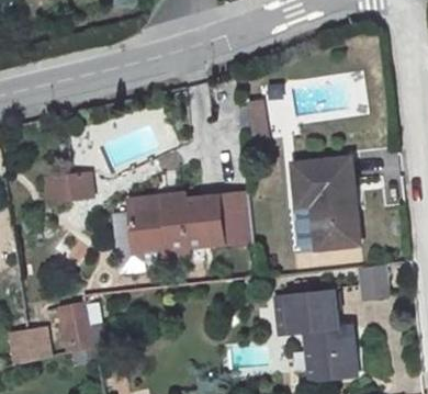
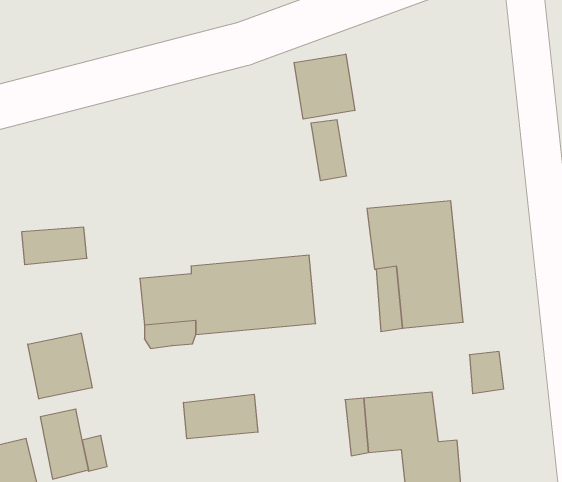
building: none -> [294,54,355,119]
building: none -> [28,333,92,399]
building: none -> [184,394,258,439]

